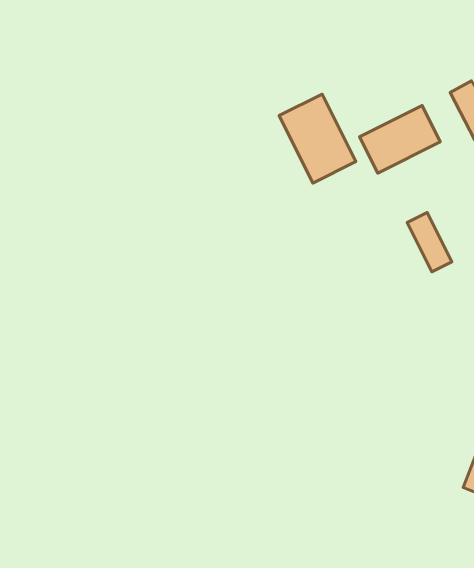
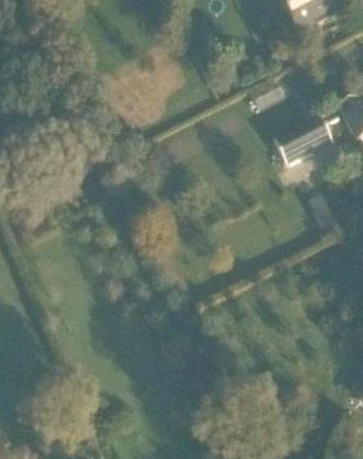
building: [279,94,356,183] -> none

